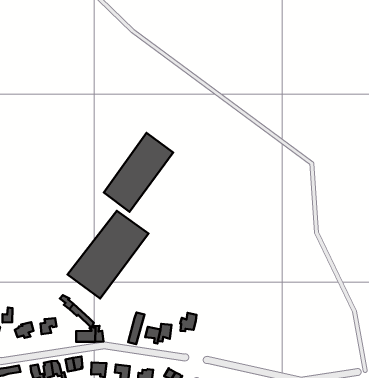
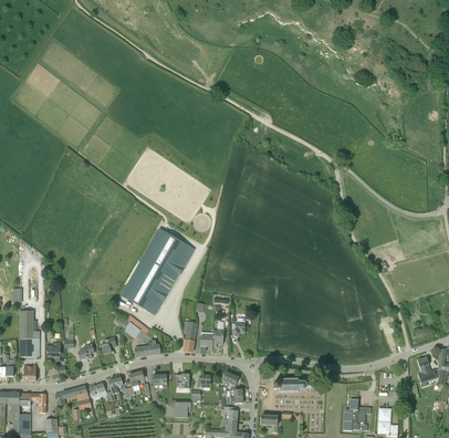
building: [104,133,173,212] -> none

